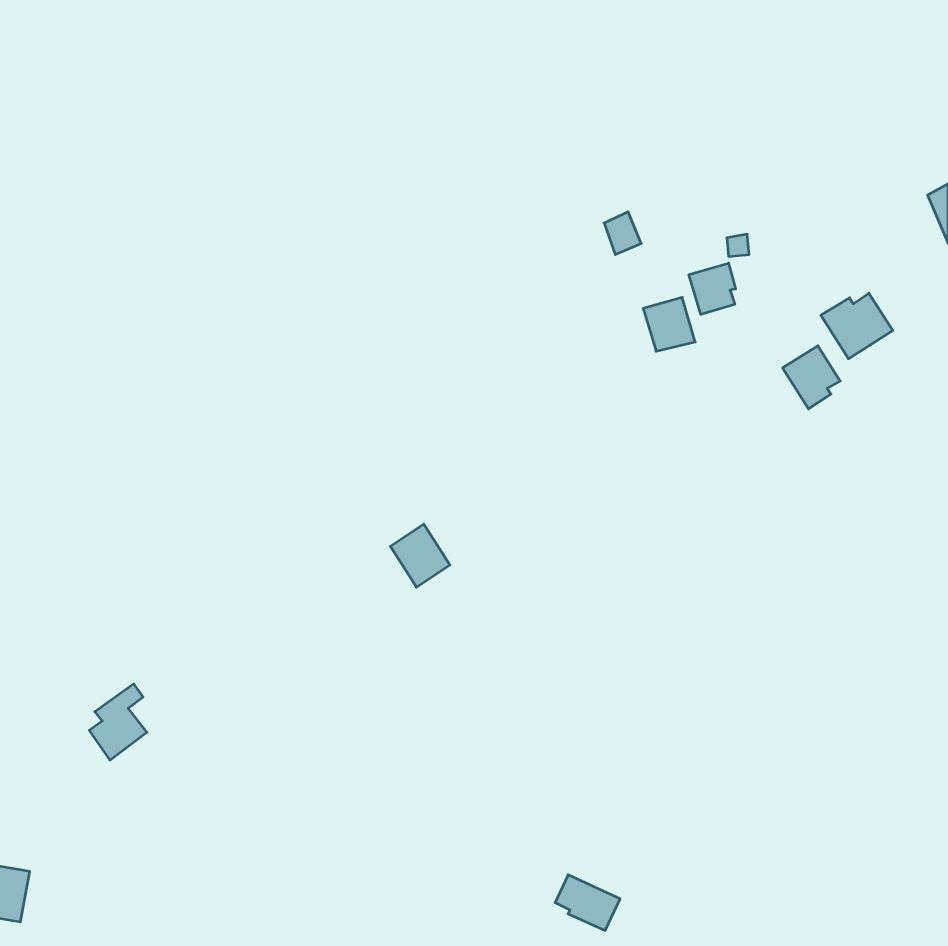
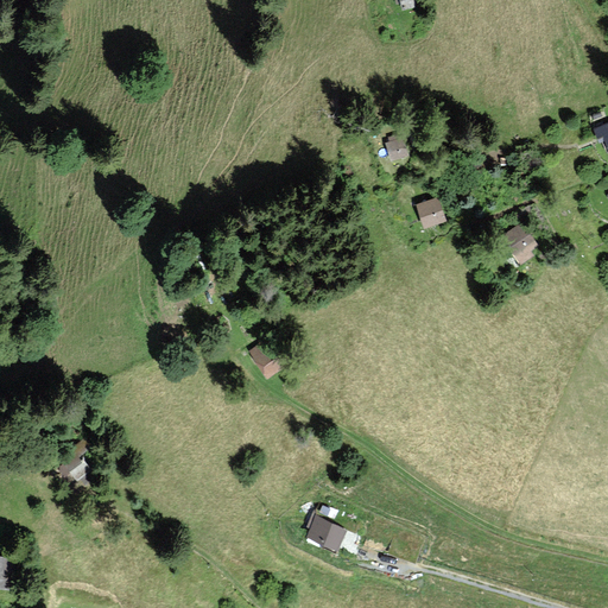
building: [689,263,736,314] -> none
building: [821,293,893,359] -> none
building: [555,875,620,930] -> [304,514,346,550]

